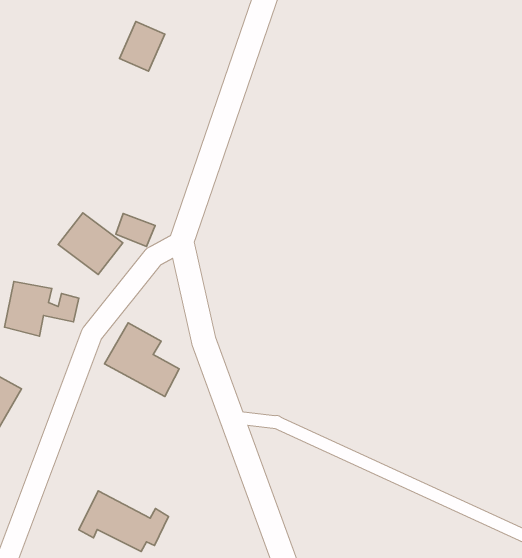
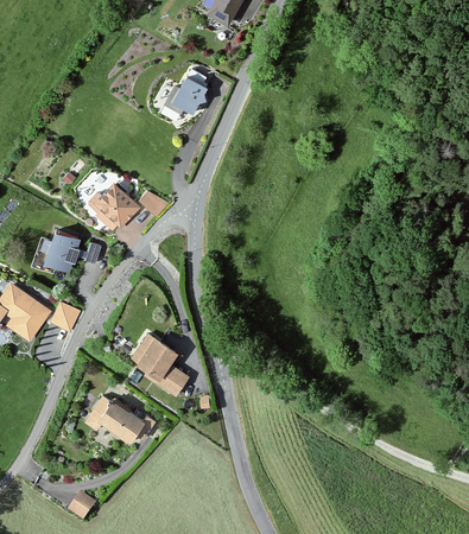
building: [119,21,165,71] -> [171,75,208,114]
building: [105,323,179,396] -> [132,336,189,395]
building: none -> [49,300,78,331]

